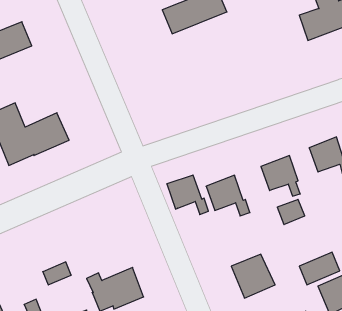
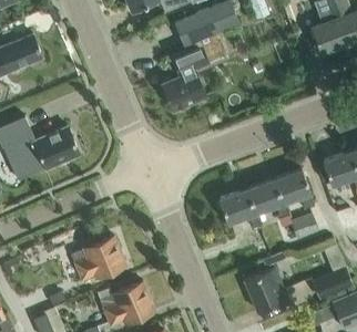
building: none -> [159,45,206,113]
building: [167,175,208,215] -> [246,180,288,220]
building: none -> [71,237,125,281]

